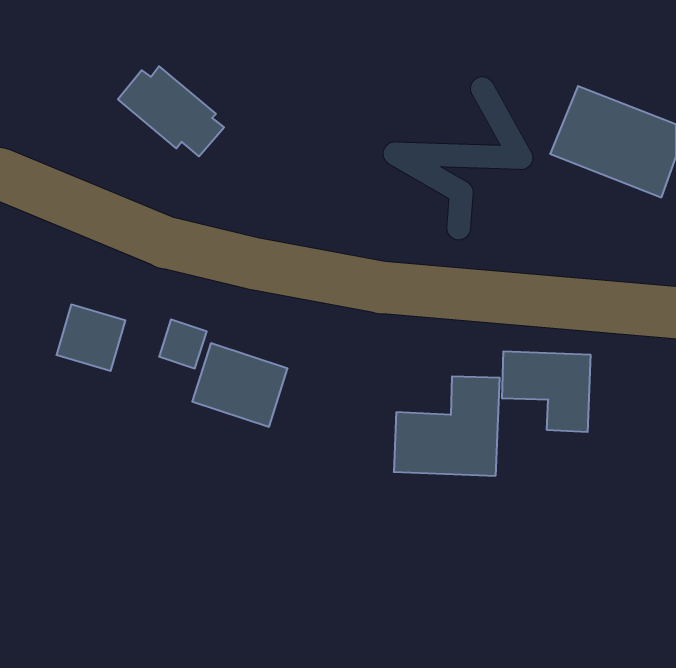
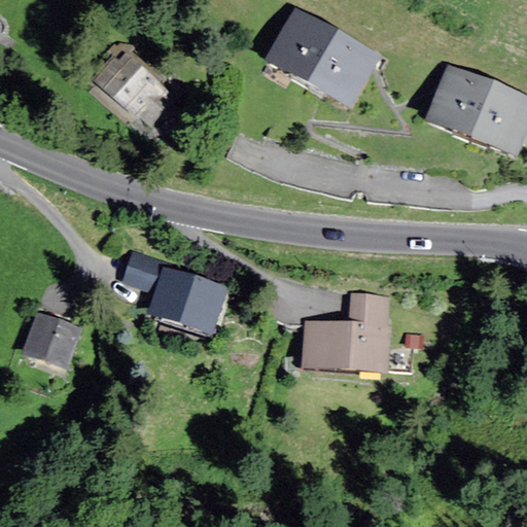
building: none -> [268,10,376,104]
building: [56,305,125,371] -> [24,313,77,364]
building: [502,351,590,432] -> none

